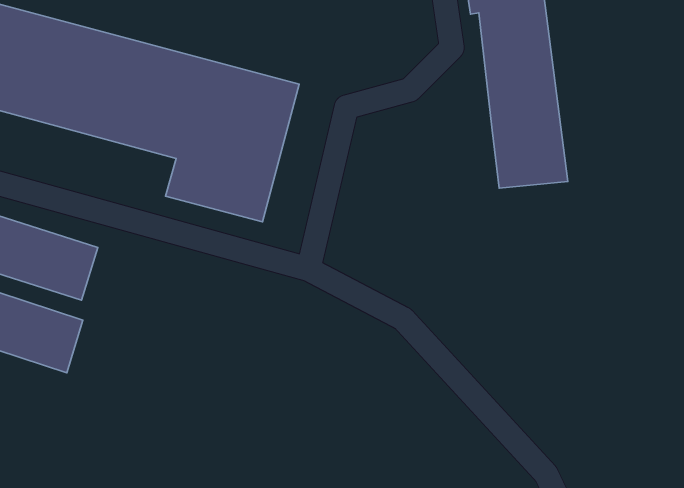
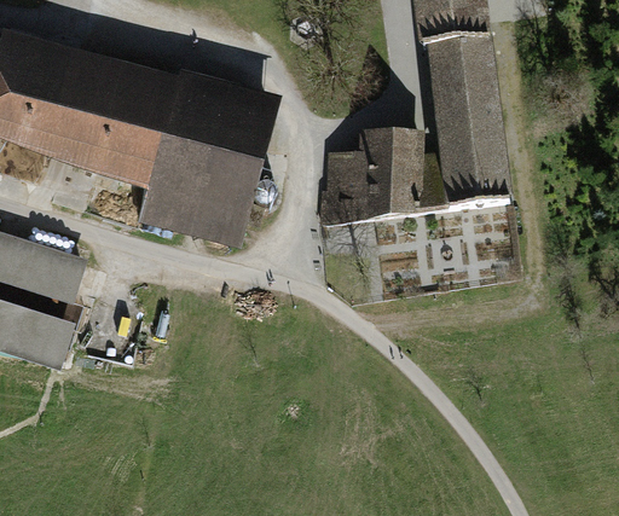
building: none -> [326,129,447,220]

